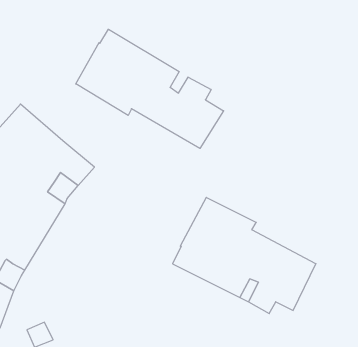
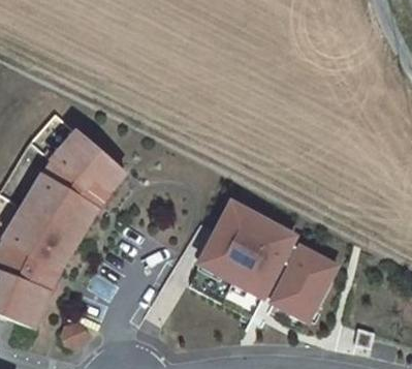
building: [76,29,224,148] -> none

